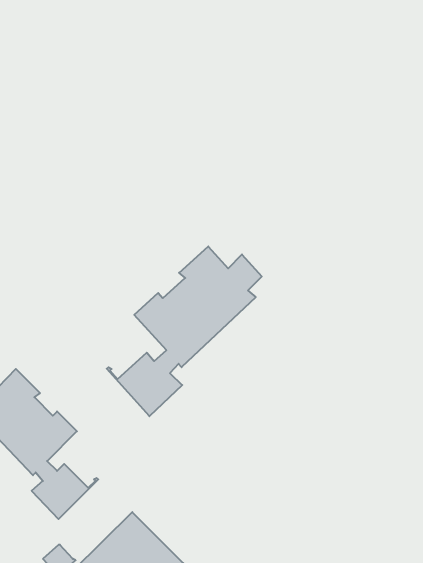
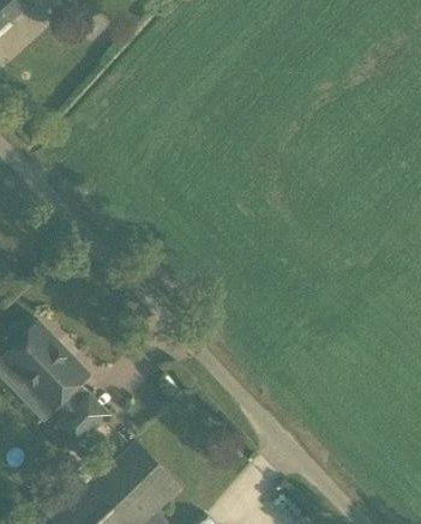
building: [107,246,262,416] -> none

